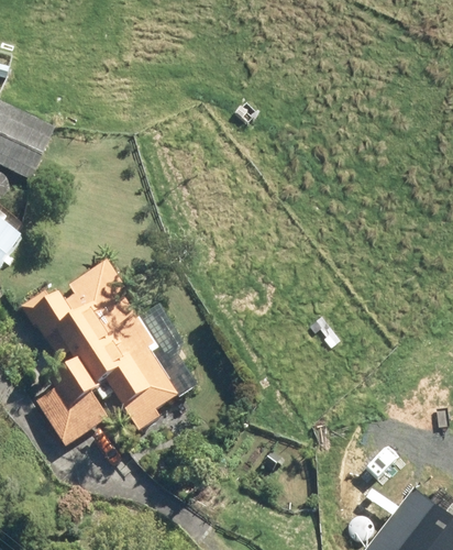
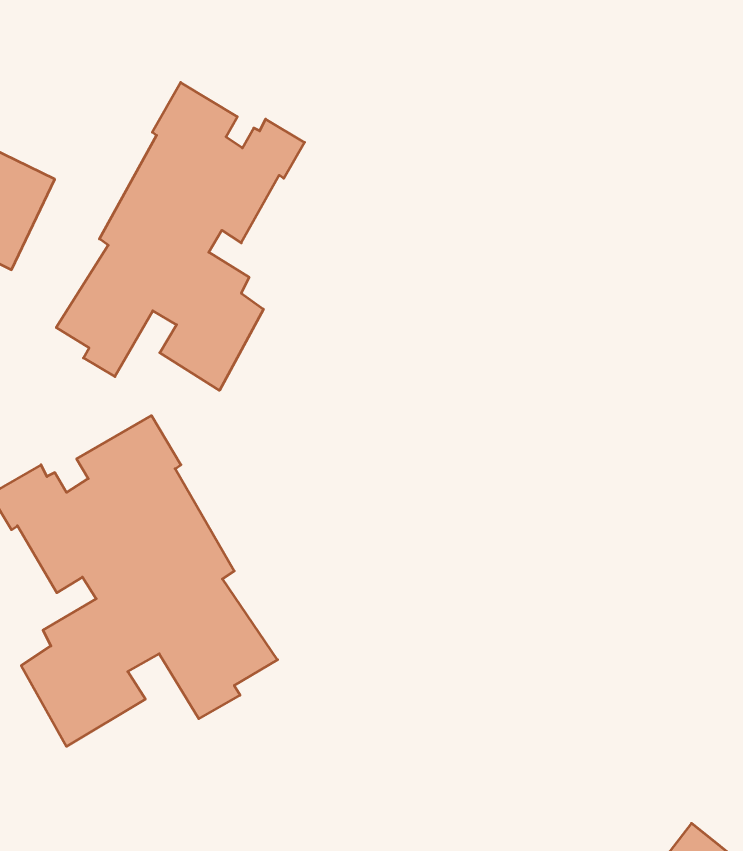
building: none -> [56,82,305,390]

